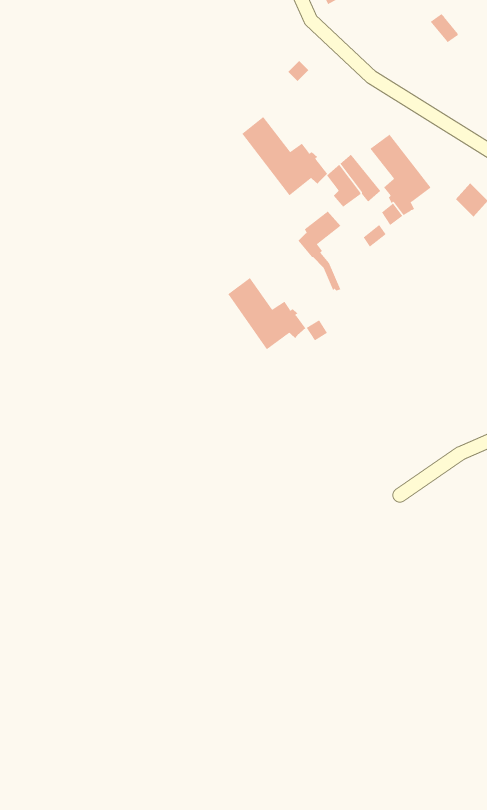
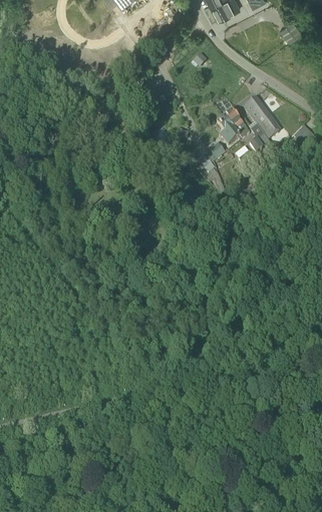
building: [241,116,328,196] -> none
building: [227,277,306,350] -> none

